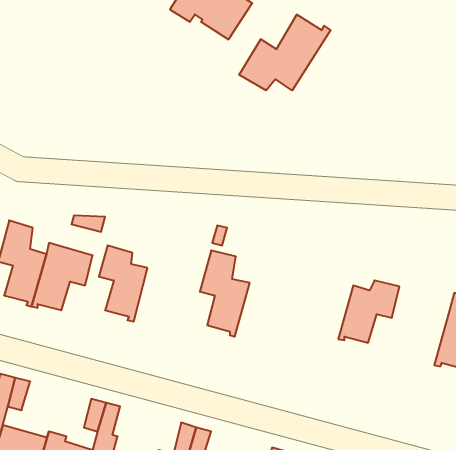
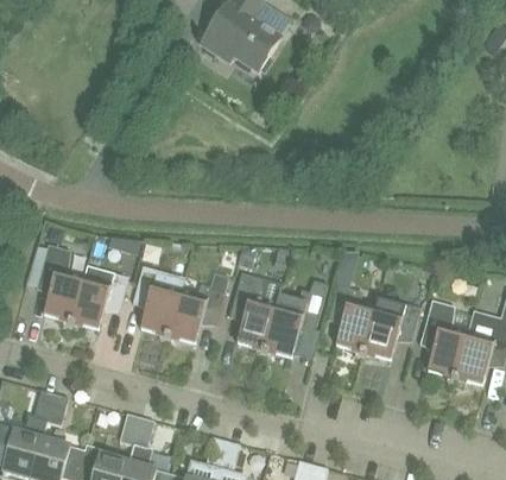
building: [239,14,331,90] -> none
building: none -> [167,272,229,343]
building: none -> [264,274,329,358]
building: none -> [330,284,377,356]
building: none -> [422,299,468,381]

